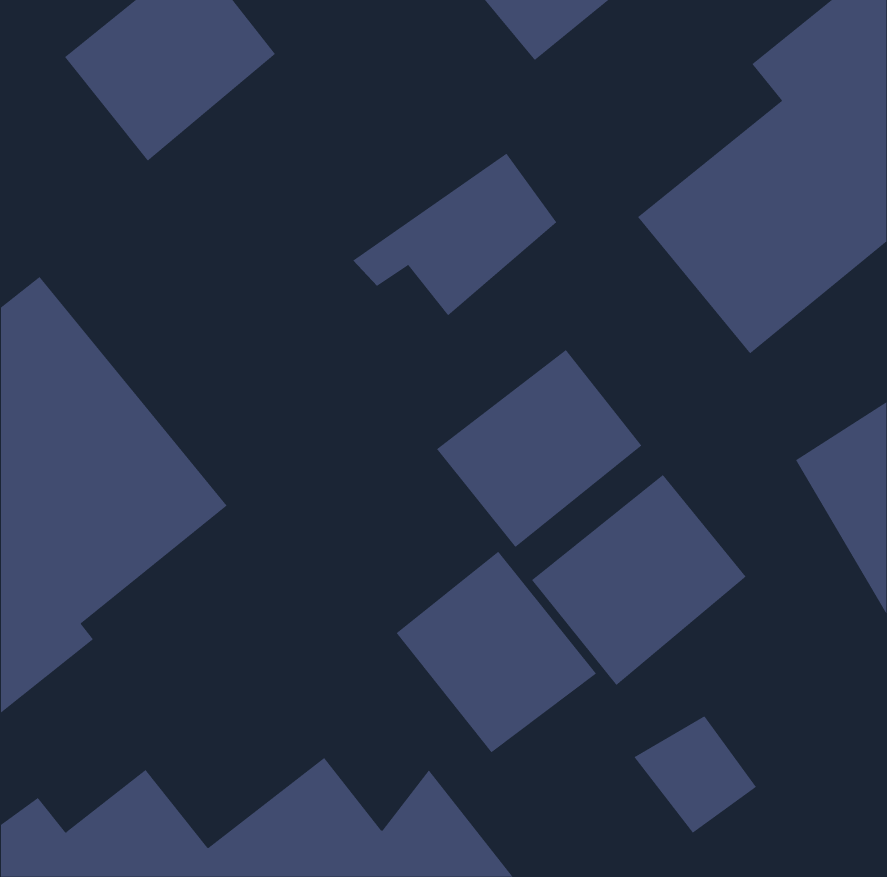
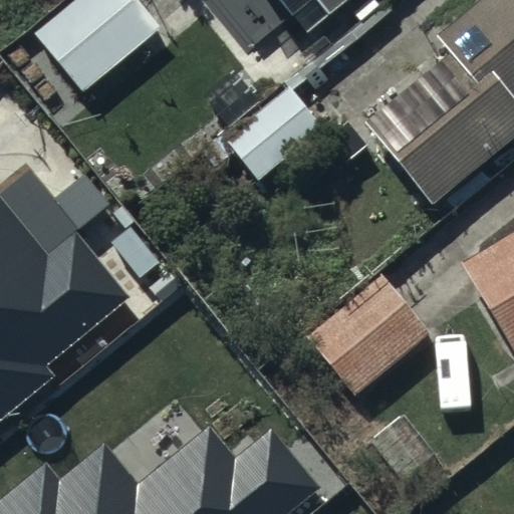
building: [436,349,642,548] -> none
building: [396,551,597,753] -> none

